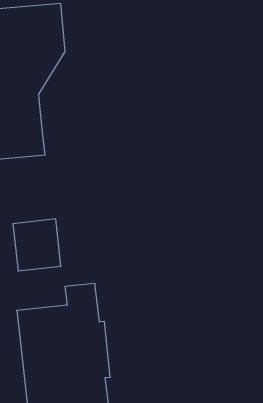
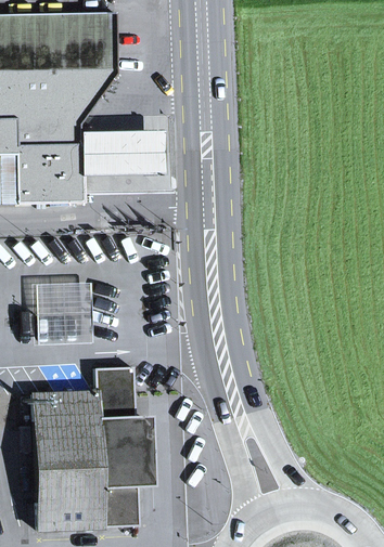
building: none -> [78,129,164,177]

